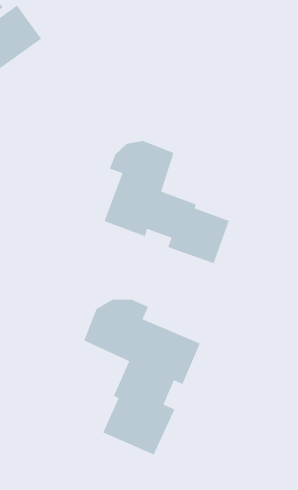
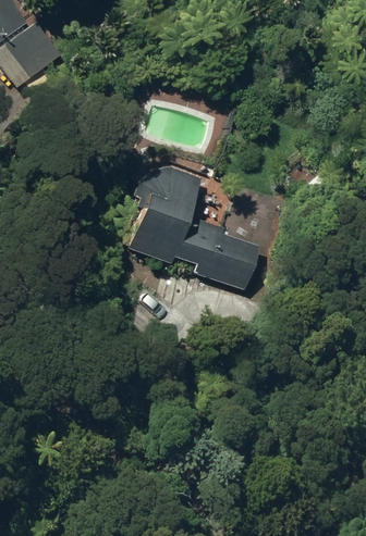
building: [83,299,201,456] -> none

